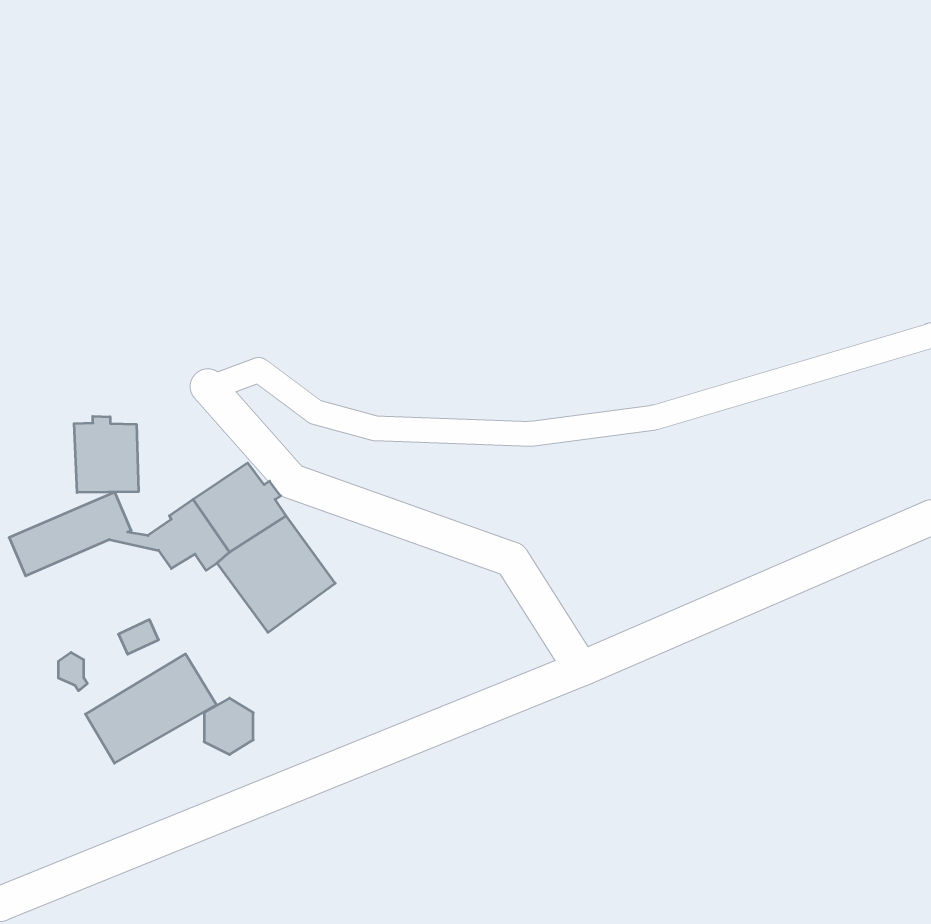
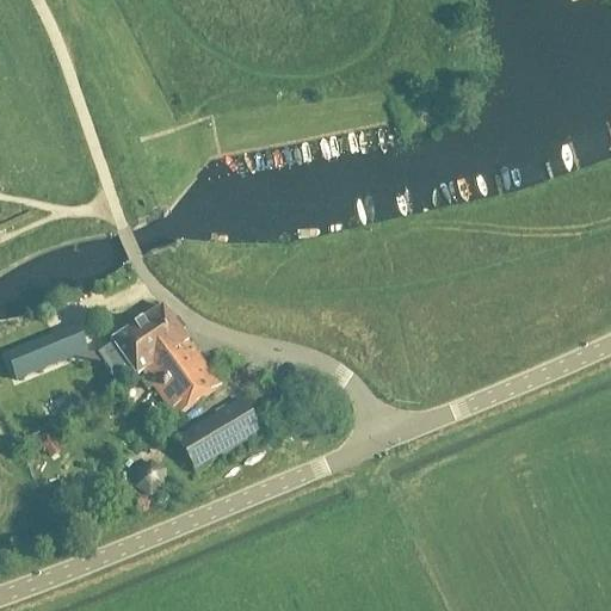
building: [74,416,138,493] -> none
building: [85,654,217,763] -> [175,396,261,468]

